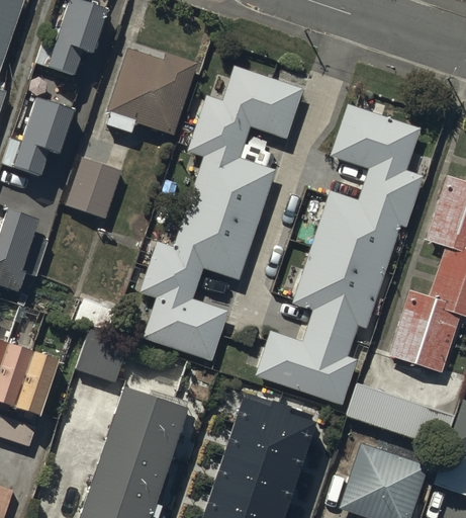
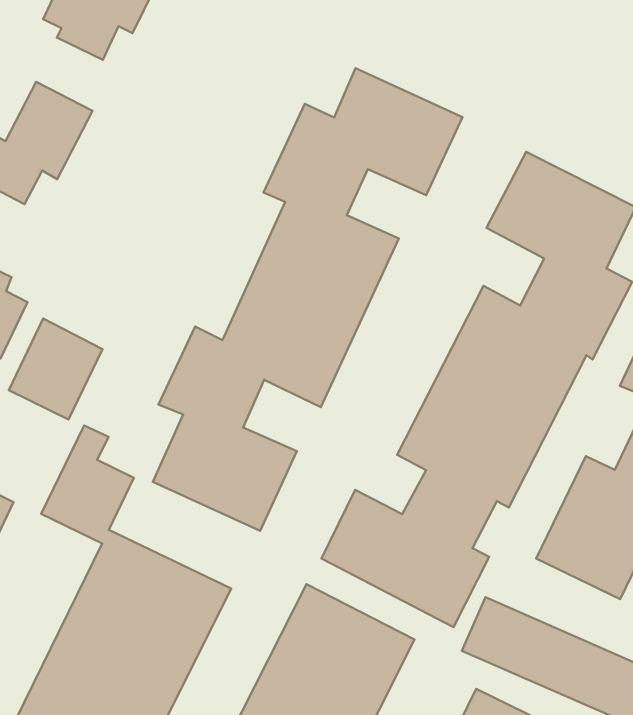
building: [105,48,196,138] -> none
building: [67,157,121,218] -> [9,318,102,419]

